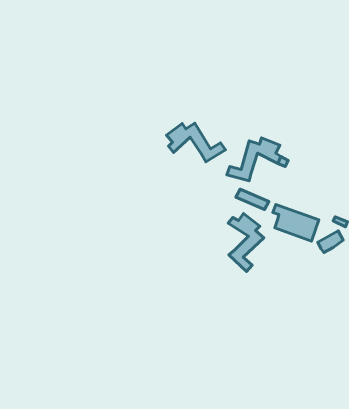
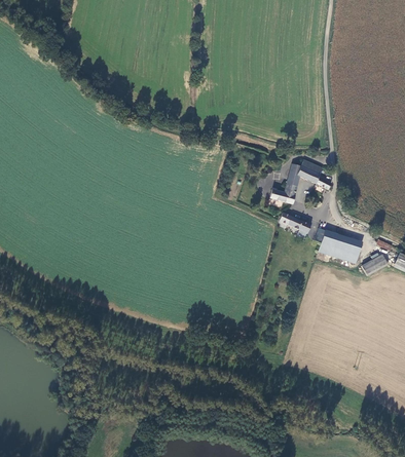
building: [166,123,226,162] -> none
building: [228,213,264,271] -> none

